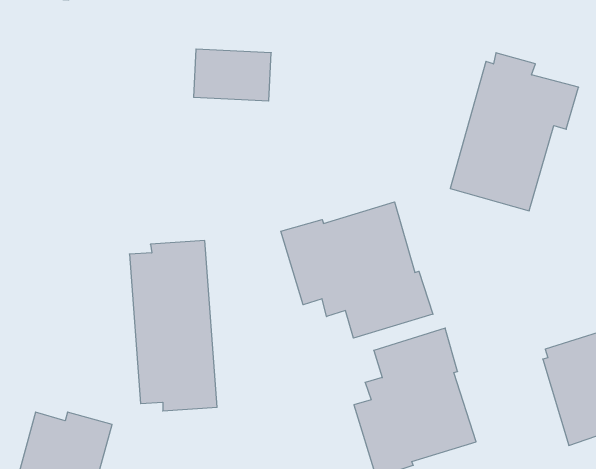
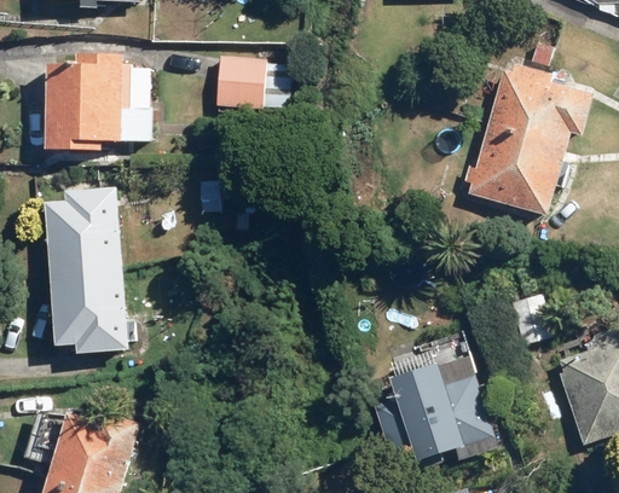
building: none -> [44,54,154,151]
building: [281,202,433,338] -> none
building: [129,241,217,411] -> [42,187,128,354]

